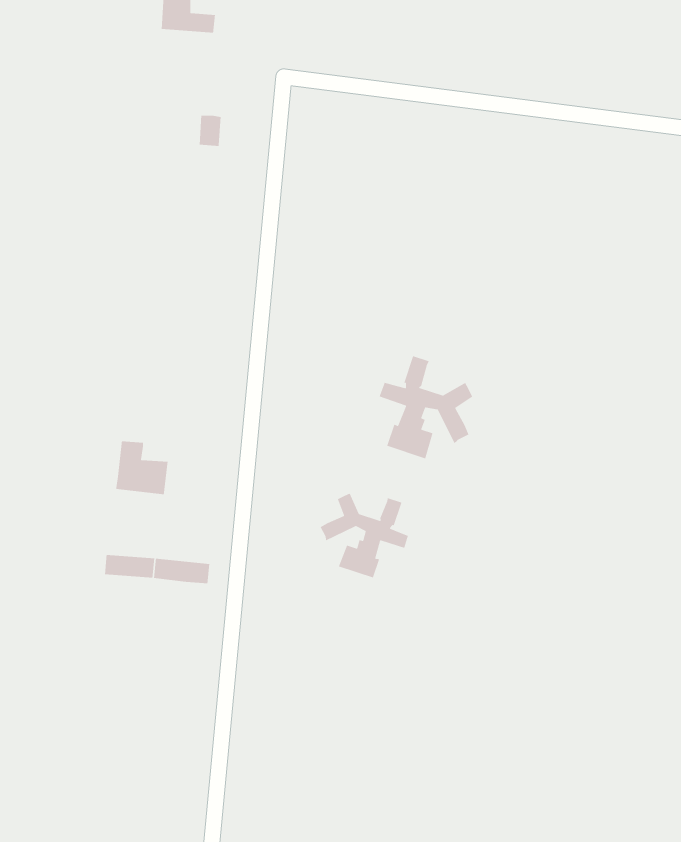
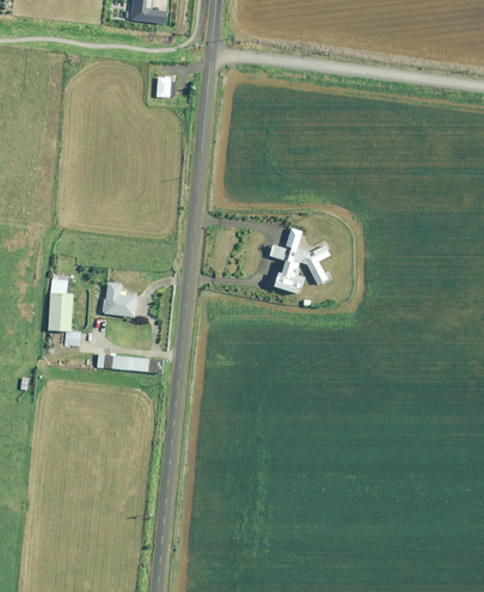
building: none -> [47,277,80,344]
building: [320,492,409,579] -> none

